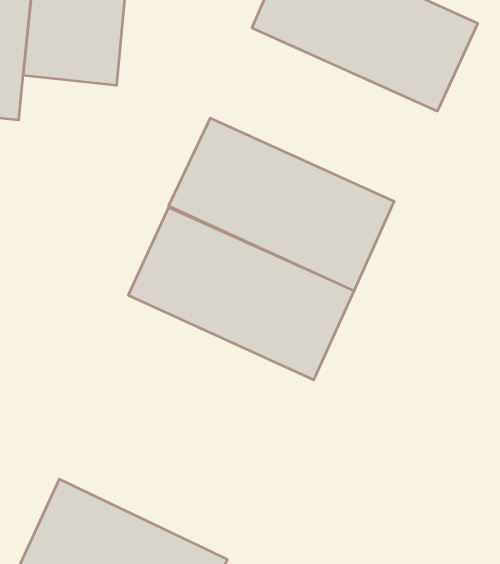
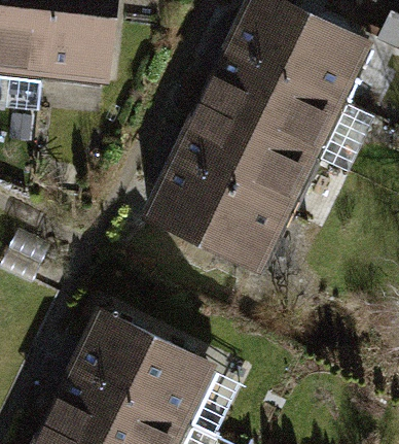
building: none -> [182,44,343,168]
building: none -> [75,304,224,423]

